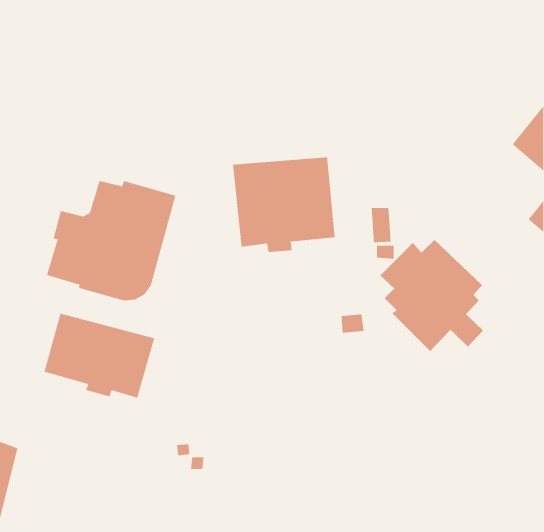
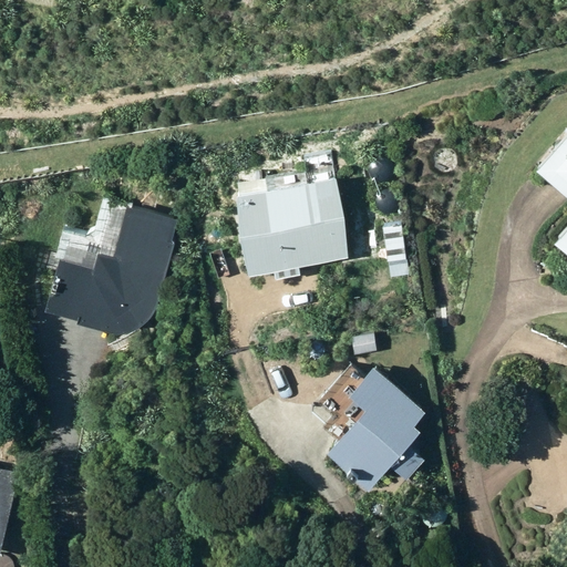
building: [380,239,484,352] -> [319,363,426,480]
building: [44,313,155,399] -> none

